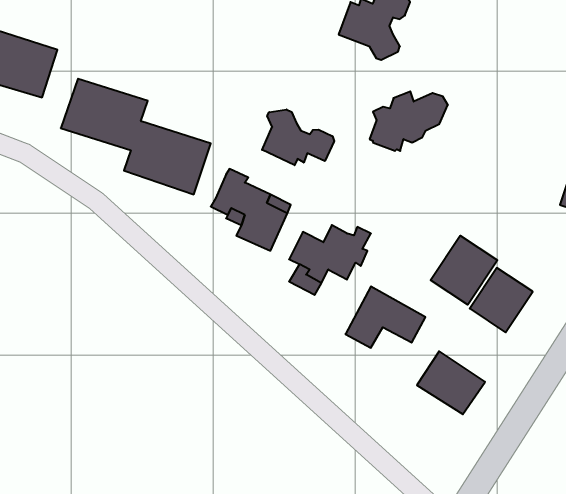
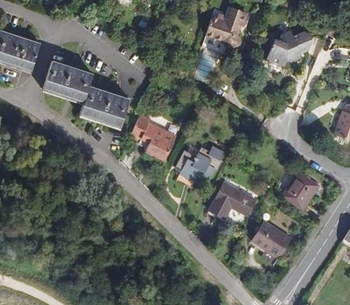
building: [370,91,448,151] -> [267,30,313,65]
building: [262,109,334,165] -> none
building: [431,236,497,305] -> none

